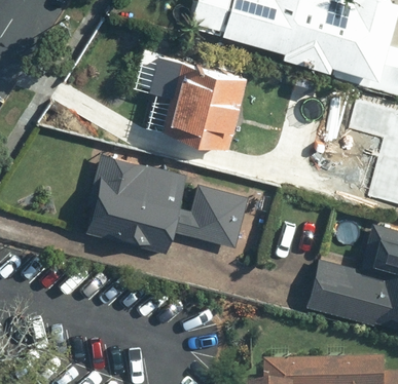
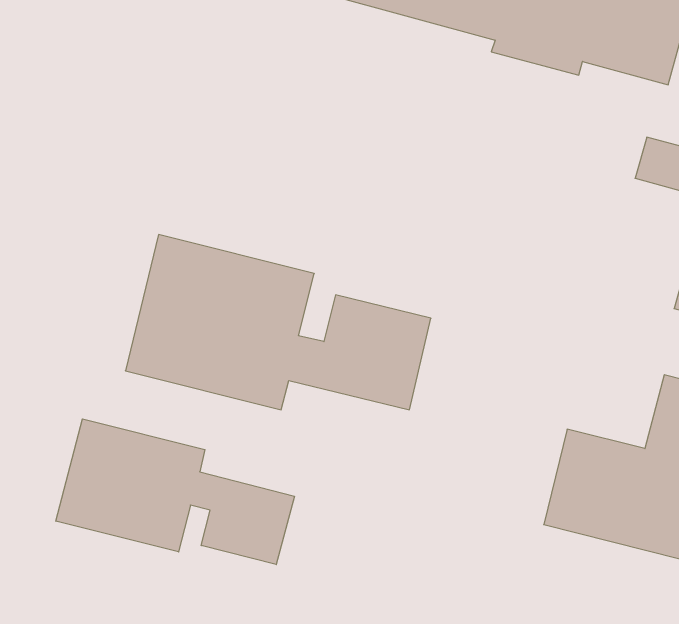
building: [161,63,245,148] -> none
building: none -> [56,419,294,565]

